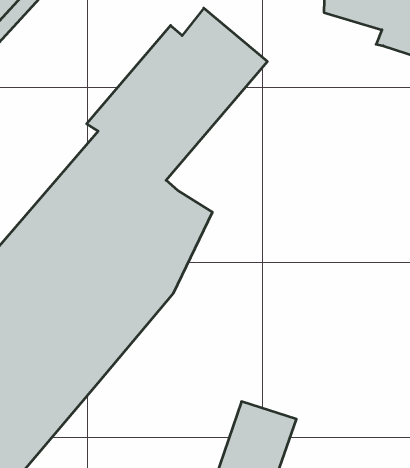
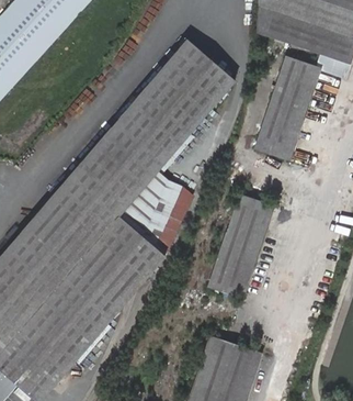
building: none -> [254,57,321,163]
building: none -> [213,197,266,298]

